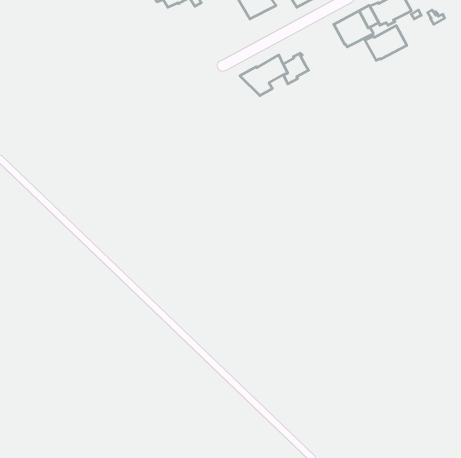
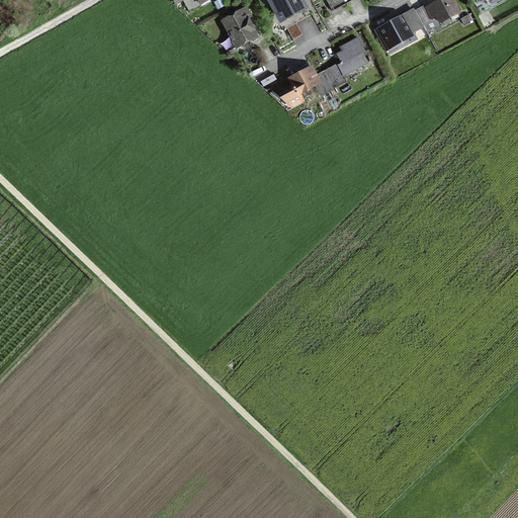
building: none -> [221,4,259,48]
building: [365,26,407,60] -> none
building: none -> [336,34,370,74]

